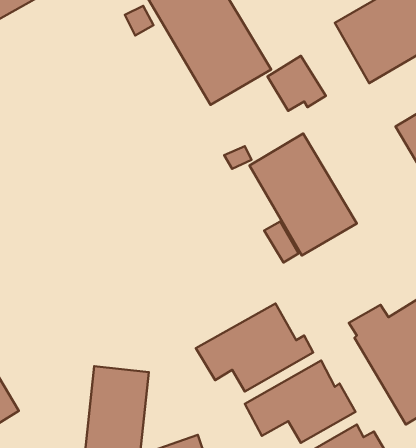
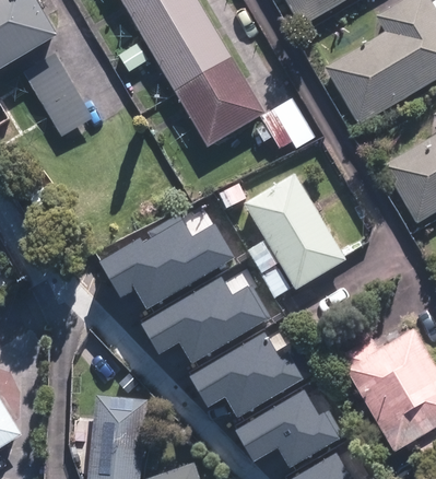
building: none -> [23,51,93,135]
building: none -> [104,207,235,307]
building: none -> [143,270,268,363]

